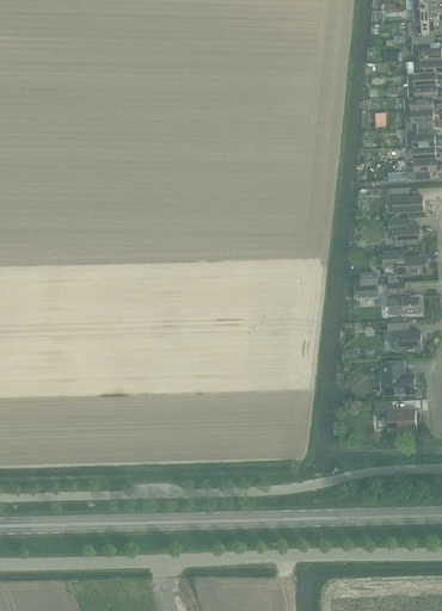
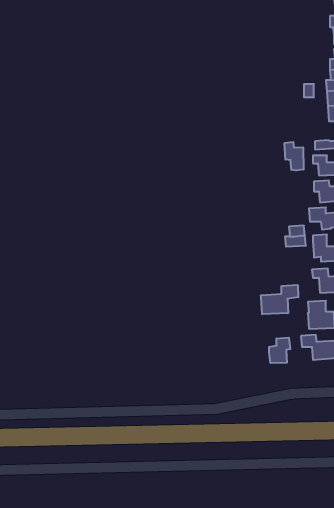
building: none -> [285,142,304,171]
building: none -> [261,285,298,314]
building: none -> [269,338,290,363]

